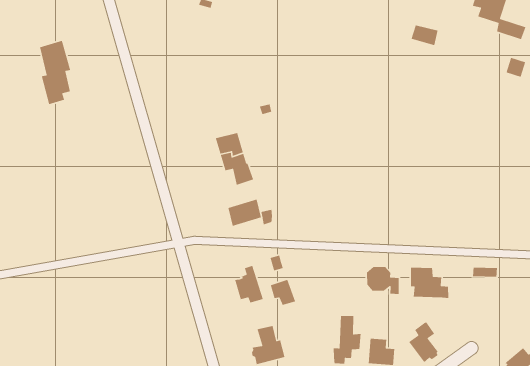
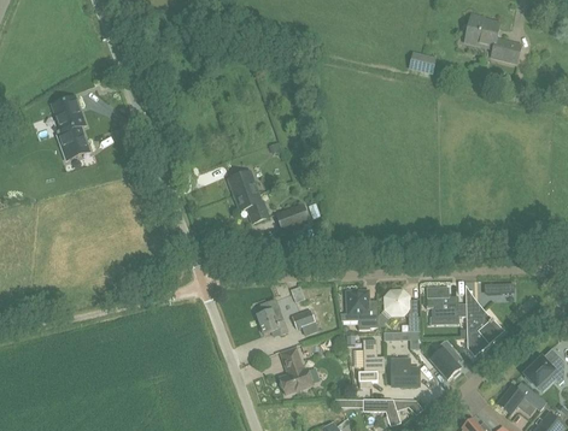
building: [228,199,262,227] -> [275,202,309,231]
building: none -> [345,289,376,329]
building: none -> [464,300,498,355]

